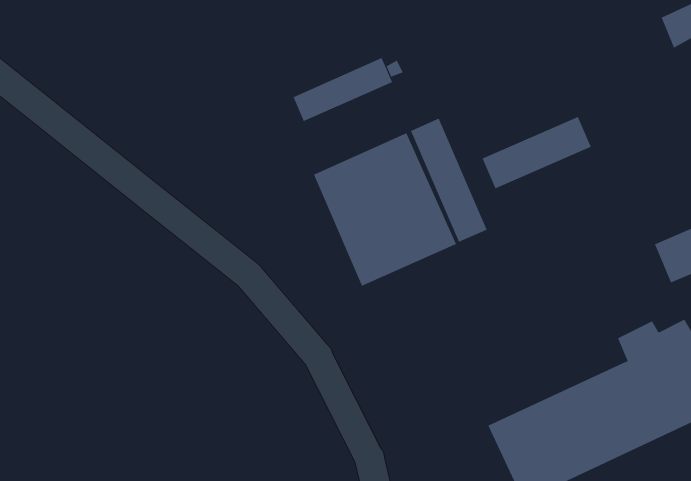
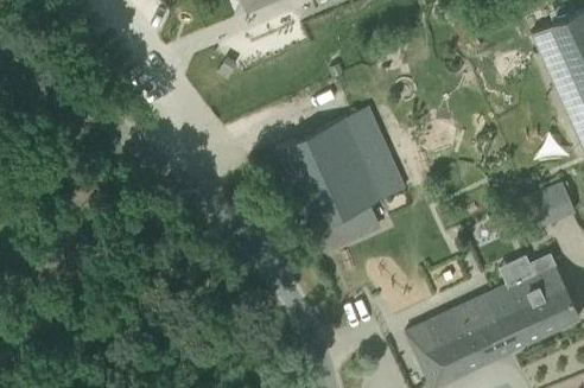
building: [293,57,393,122] -> none
building: [482,116,592,189] -> none

